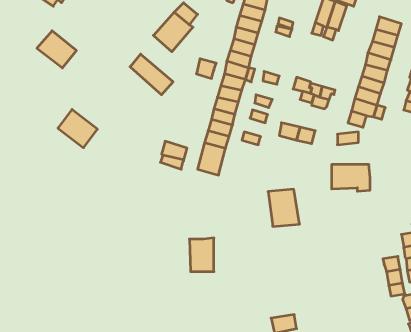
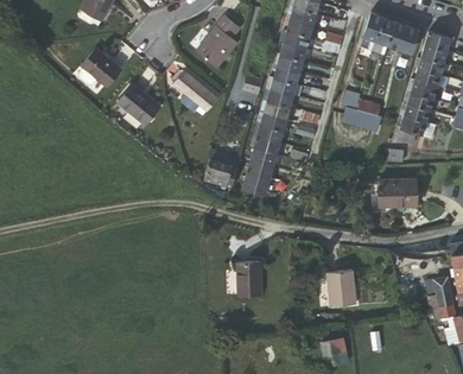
building: none -> [387,21,418,55]
building: [58,109,97,148] -> [119,82,159,121]
building: [268,189,300,226] -> [324,268,356,306]

